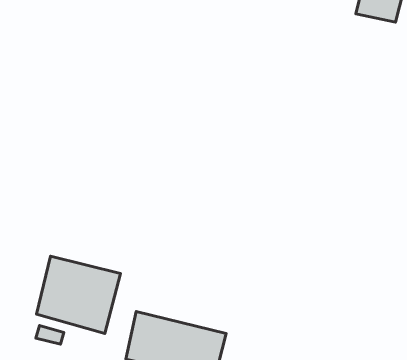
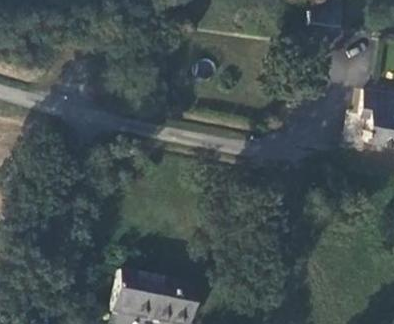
building: [36,256,121,334] -> none

